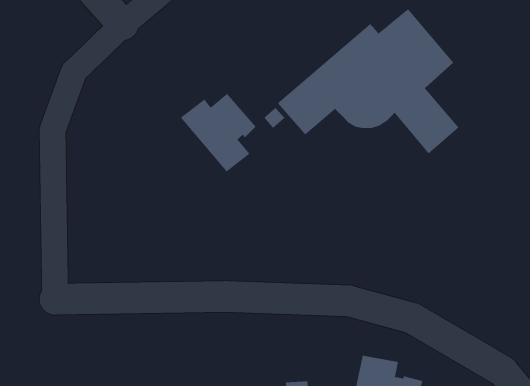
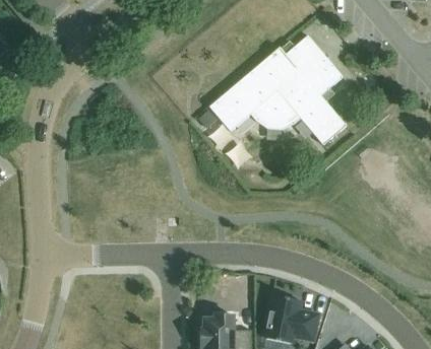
building: [180,93,257,173] -> none

